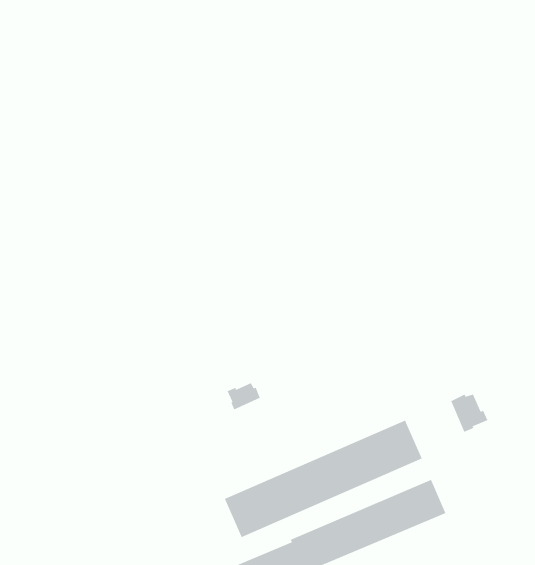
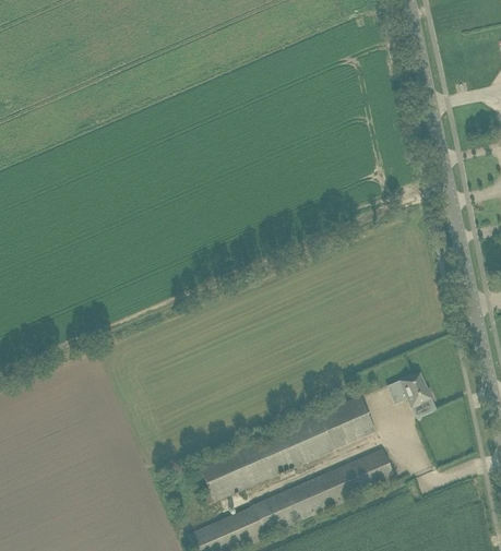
building: [226,382,261,411] -> none

